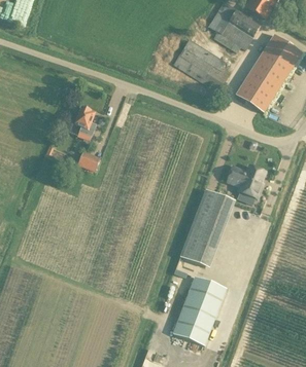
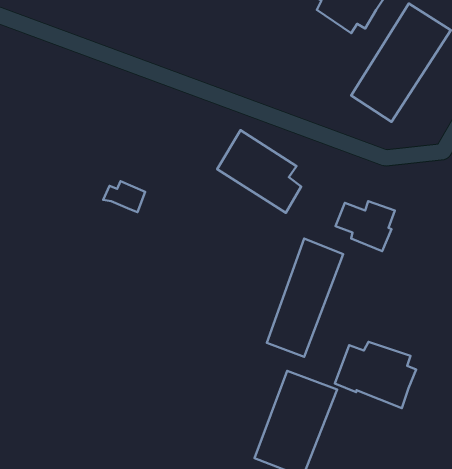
building: [173,39,229,94] -> [217,130,301,213]
building: [74,107,96,137] -> none
building: none -> [335,342,416,408]

